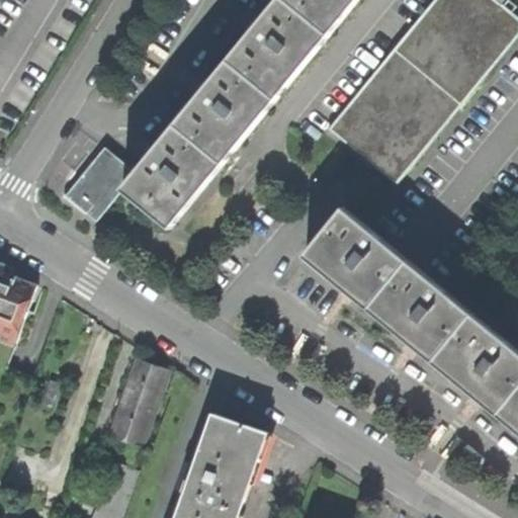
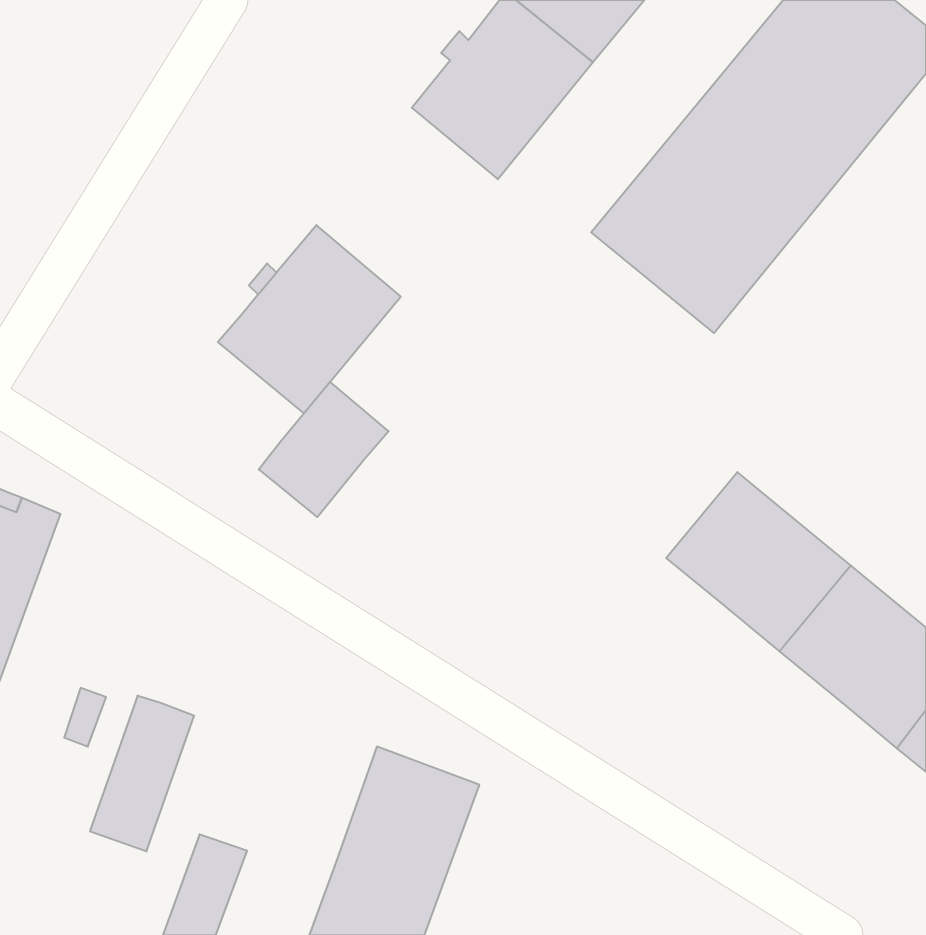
building: [175,60,275,164] -> none
building: [62,147,134,222] -> [259,382,389,517]
building: [304,207,408,309] -> none
building: [107,360,165,446] -> [90,696,194,851]

